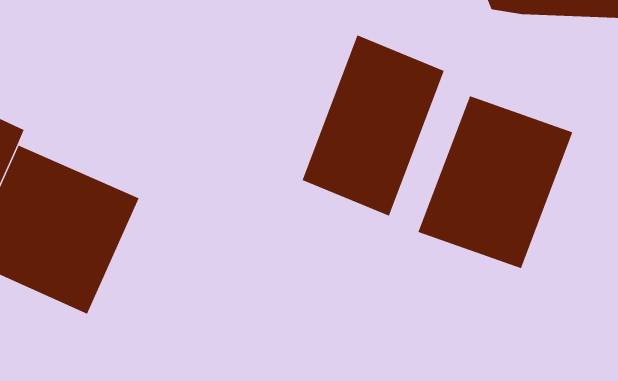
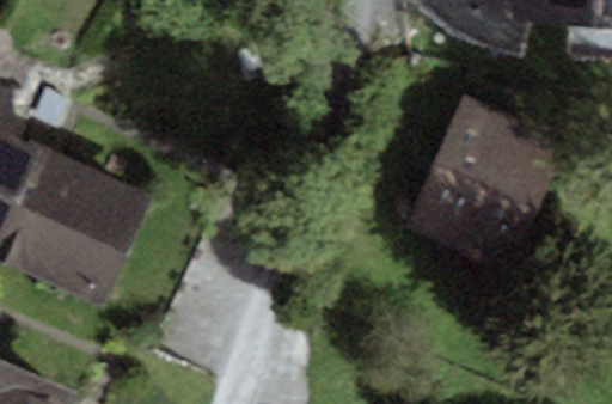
building: [302,34,445,216] -> none

